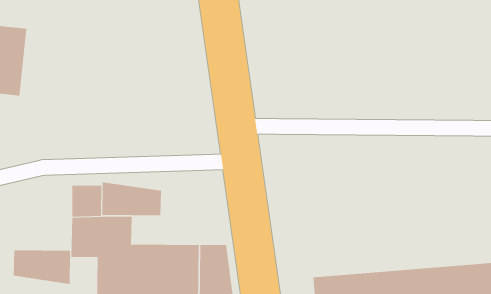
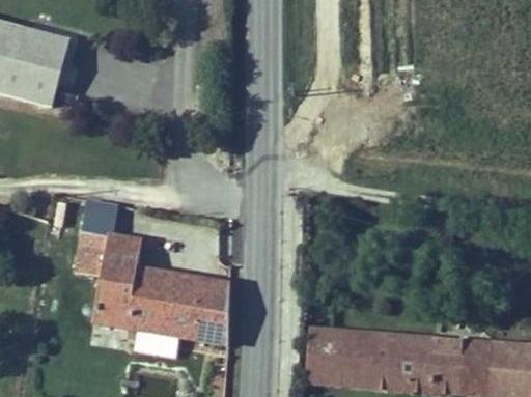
building: [102,181,162,216] -> none
building: [13,250,71,285] -> none

